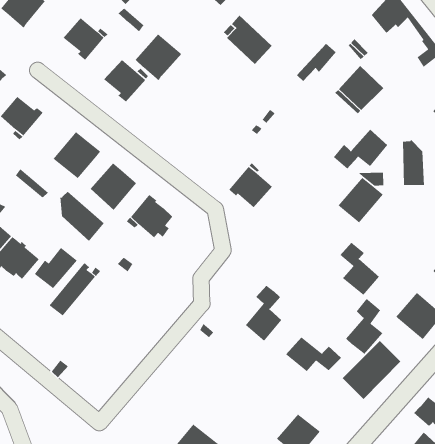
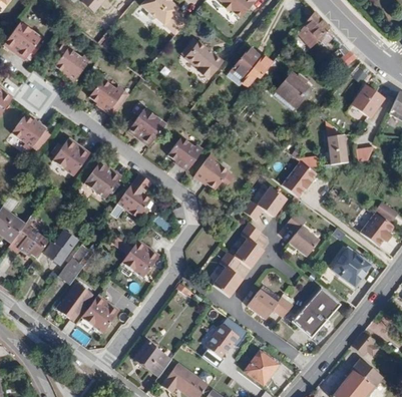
building: none -> [227,47,261,86]
building: [135,33,182,82] -> [129,109,166,147]
building: [333,129,388,169] -> [244,185,287,219]
building: none -> [168,137,202,172]
building: [60,191,105,242] -> none
building: none -> [121,240,158,278]
building: [345,298,383,355] -> [235,222,265,267]
building: none -> [59,284,92,320]
building: none -> [81,295,118,332]
building: none -> [199,317,248,366]
building: none -> [134,342,171,377]

